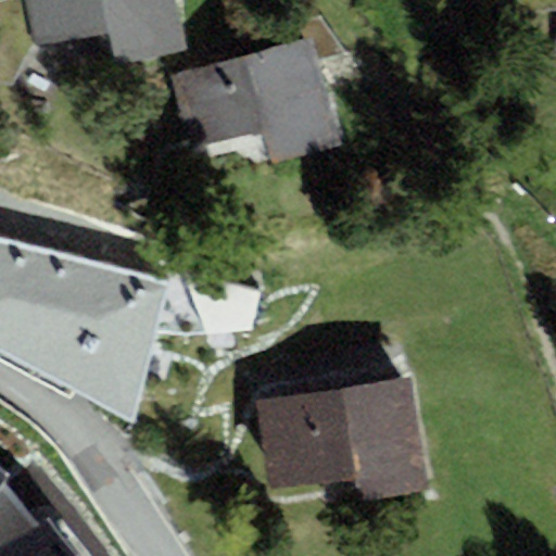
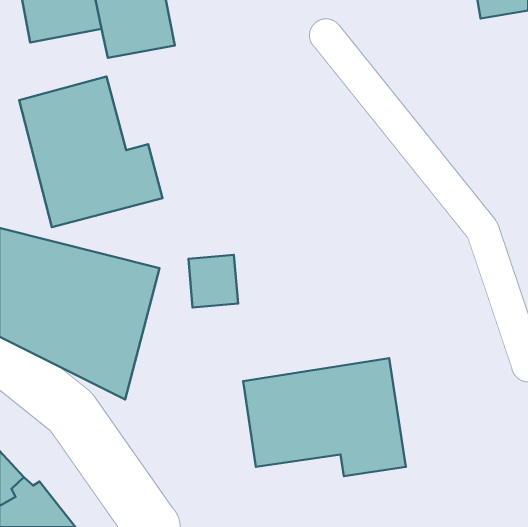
building: [172,39,340,160] -> none
building: none -> [19,77,162,227]

